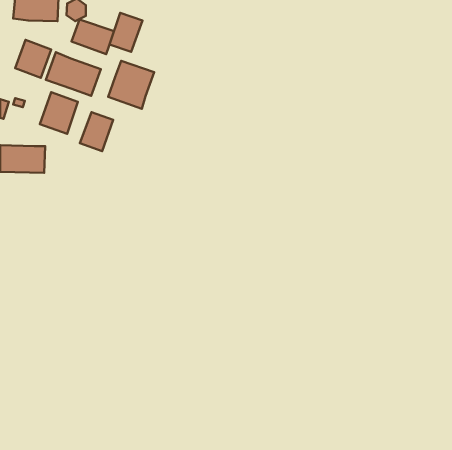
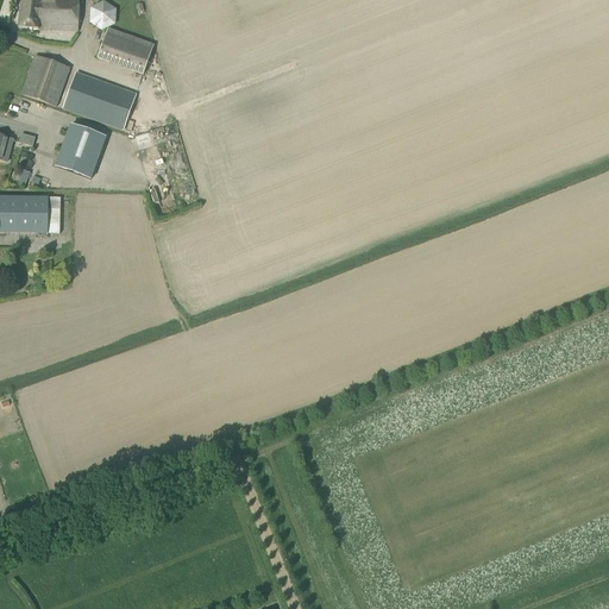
building: [110,13,142,52] -> none
building: [108,61,154,109] -> none
building: [80,112,113,151] -> none

